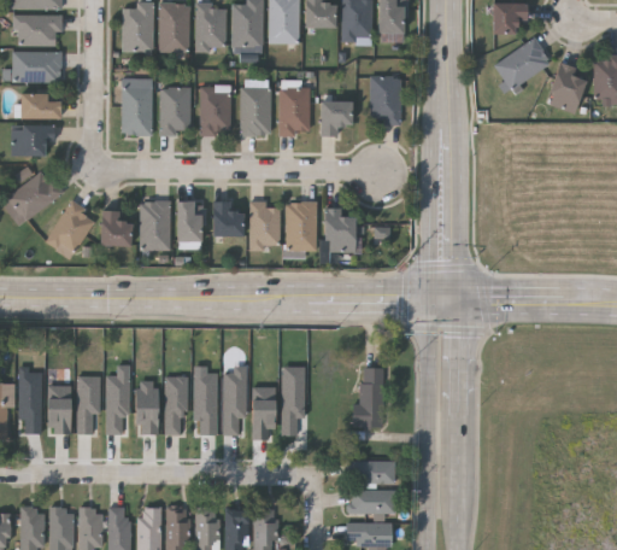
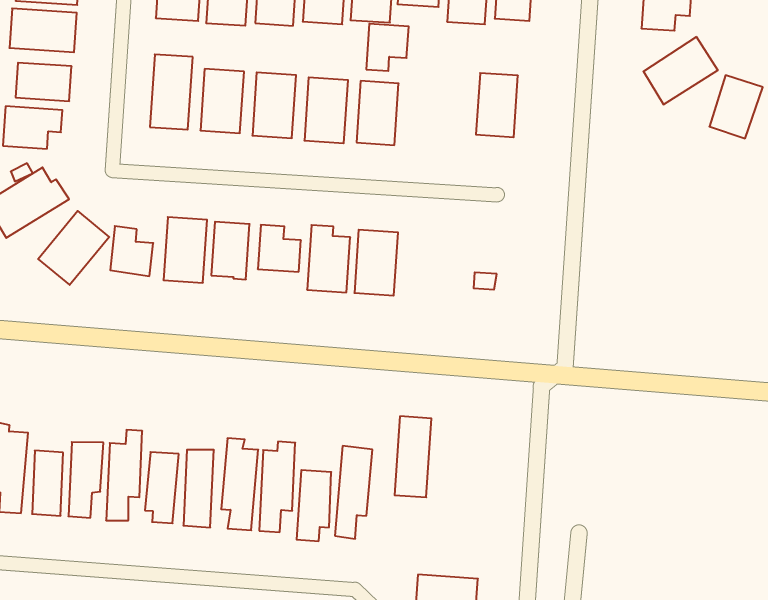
building: [319,101,349,136] -> [366,24,409,71]
building: [323,207,353,252] -> none
building: [359,367,383,427] -> [395,416,431,497]

